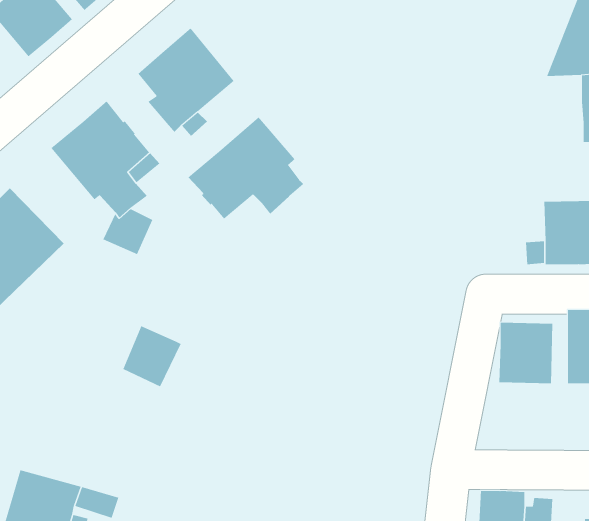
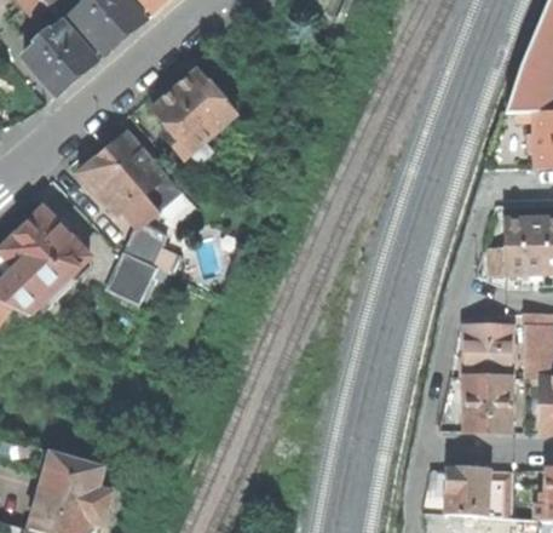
building: [188,116,304,220] -> none
building: [123,326,182,387] -> [108,251,159,304]
building: none -> [465,374,511,430]

